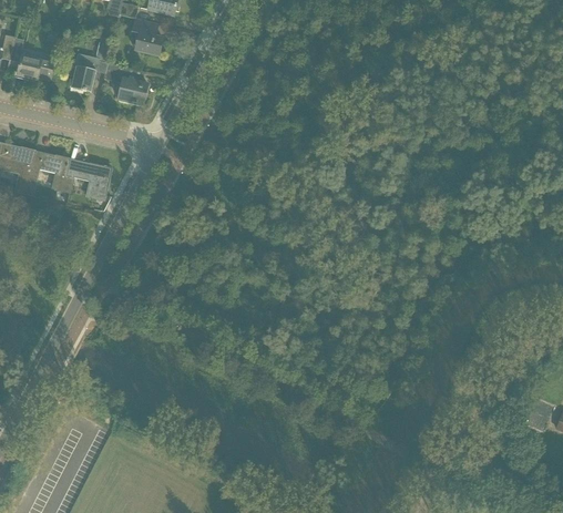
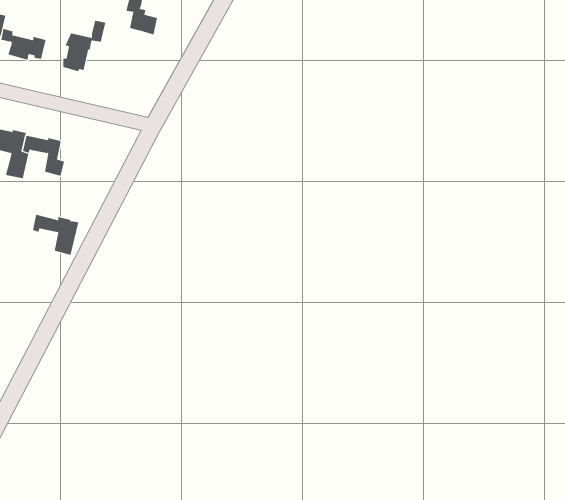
building: [105,62,147,103] -> none
building: [65,158,111,198] -> [32,214,79,255]

